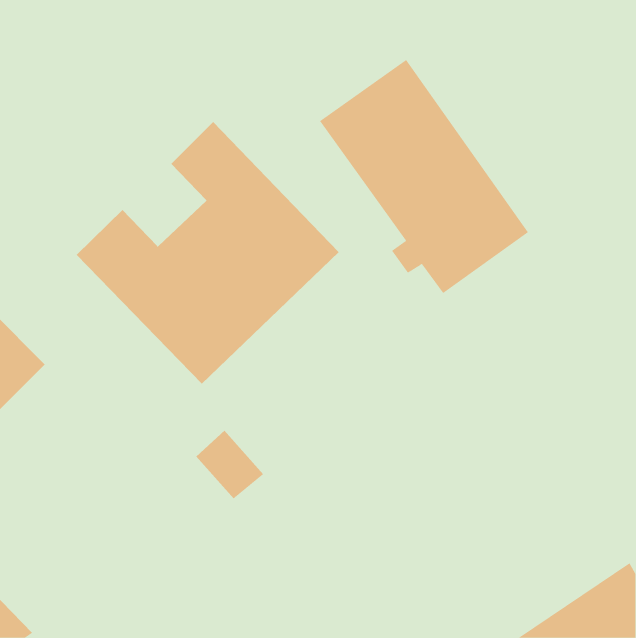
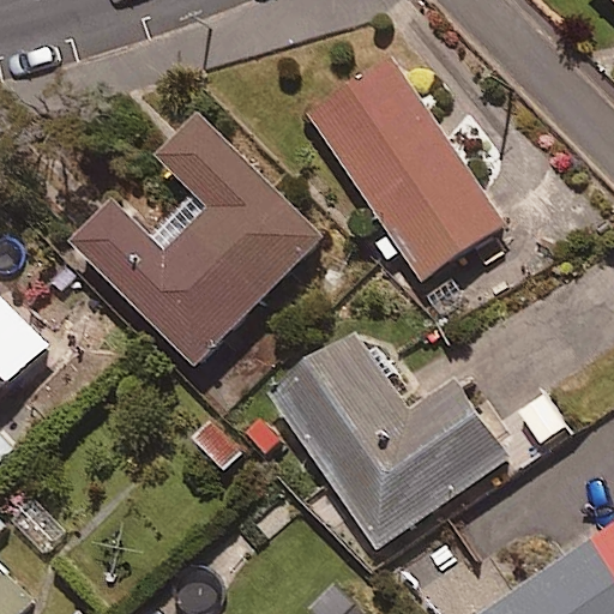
building: none -> [271,335,512,546]

